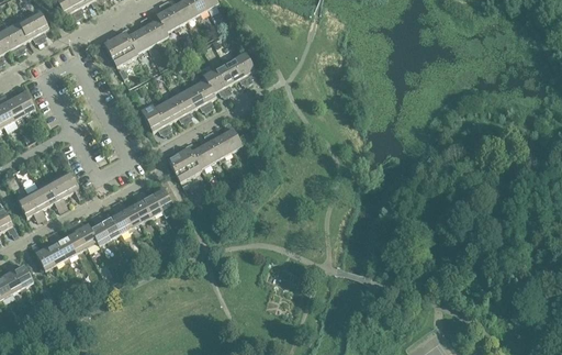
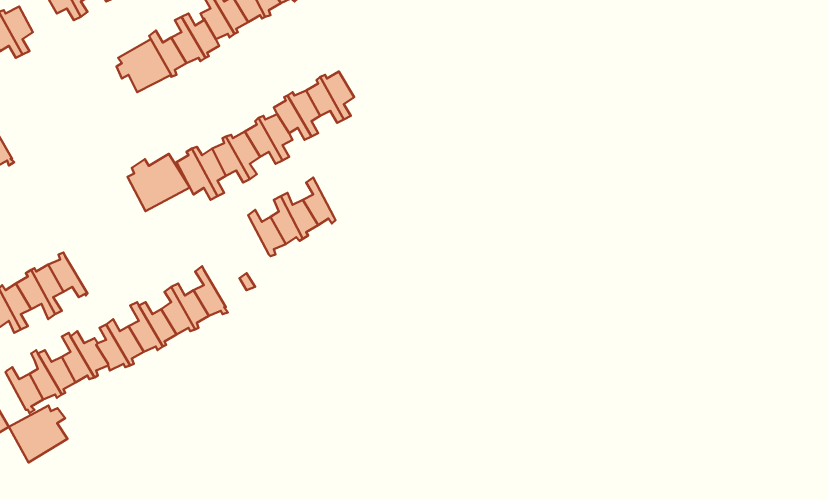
building: none -> [127,154,190,211]
building: [166,147,200,181] -> none
building: none -> [9,406,67,463]

